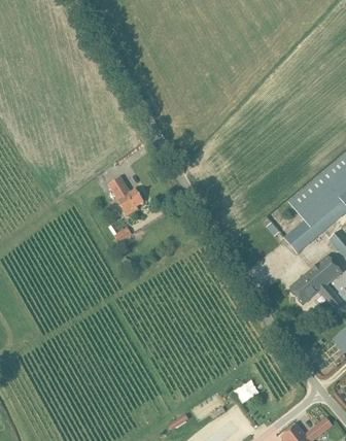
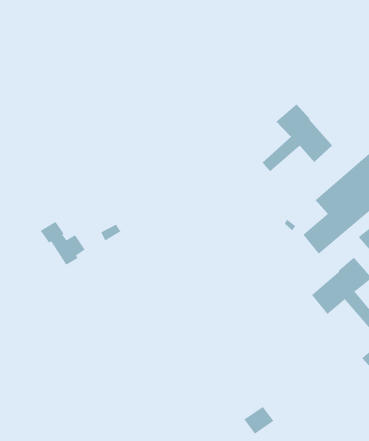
building: none -> [262,103,333,172]
building: [104,177,142,214] -> [40,221,85,265]

